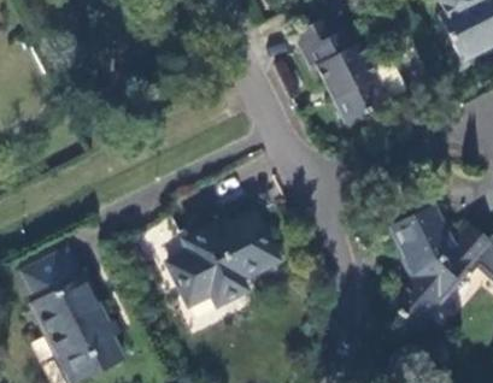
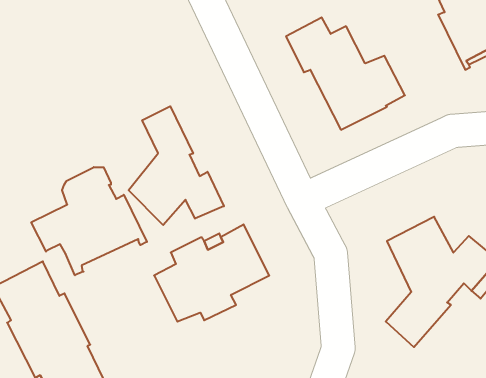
building: none -> [129,106,224,225]
building: none -> [31,167,147,275]

